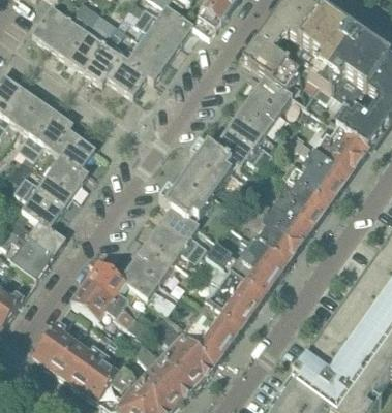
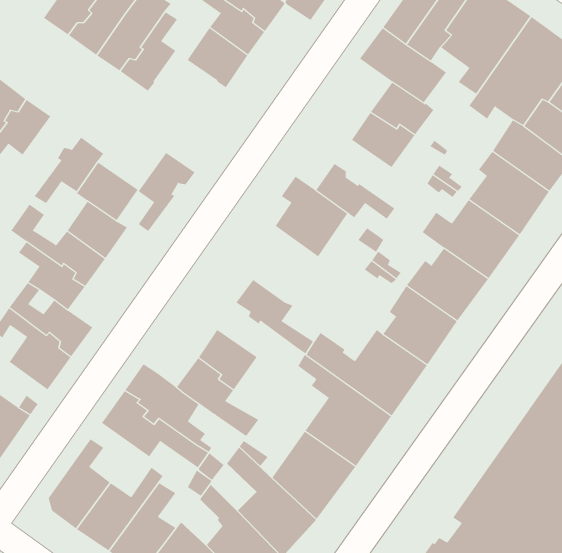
building: [107,54,148,94] -> none
building: [20,98,58,151] -> [138,152,196,232]
building: [225,114,284,163] -> none
building: [159,170,215,221] -> none
building: [148,221,201,258] -> none

